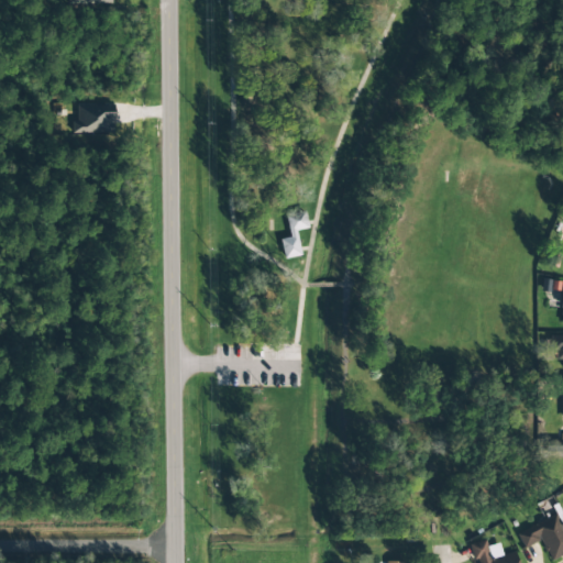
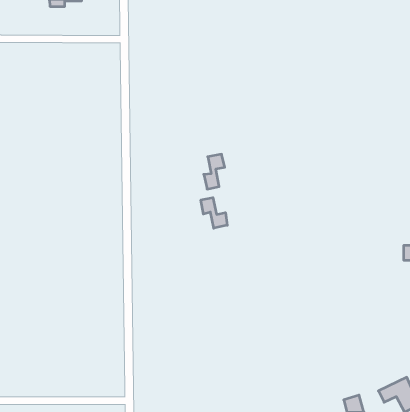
building: [77,102,119,133] -> none
building: none -> [201,198,227,228]

